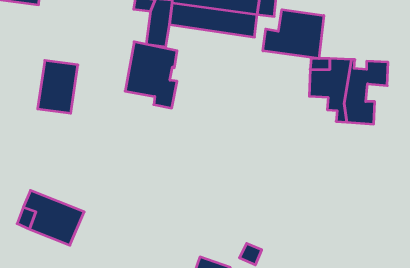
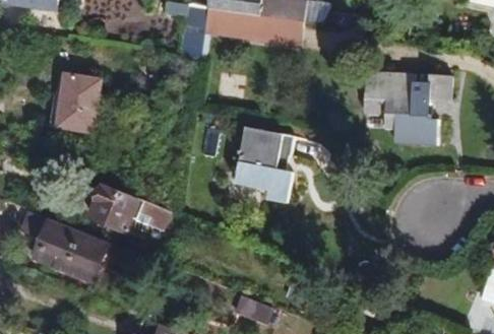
building: [263,10,324,59] -> none
building: [125,42,177,108] -> [235,127,294,202]
building: none -> [88,186,171,233]

